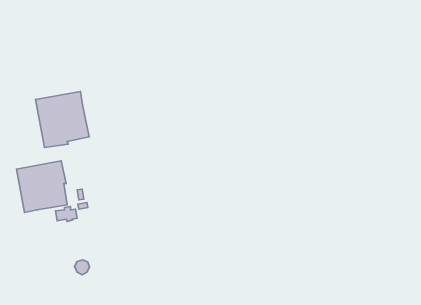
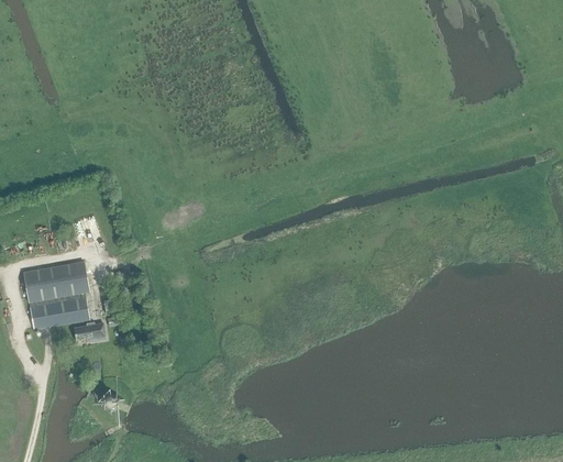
building: [36,91,89,148] -> none

